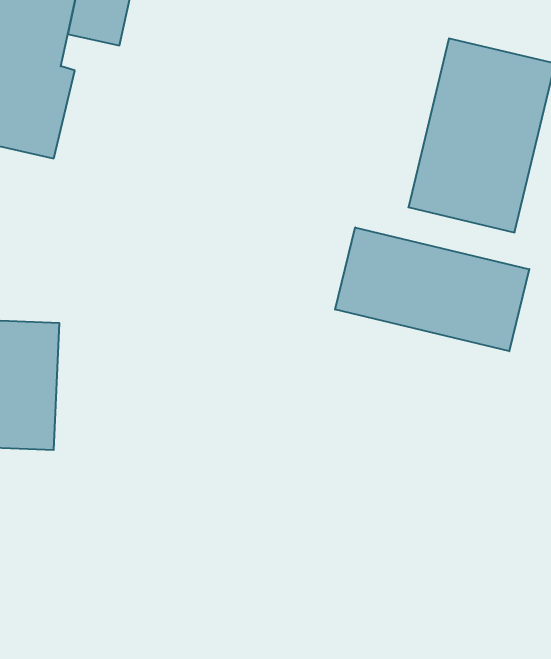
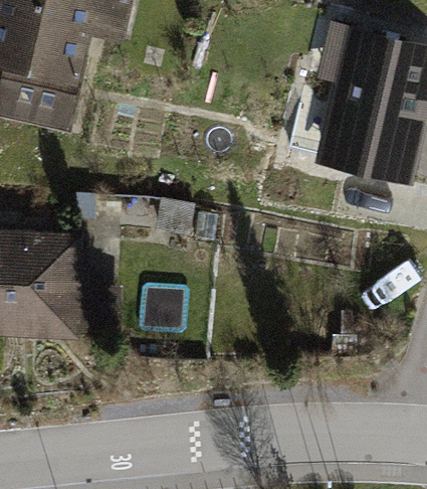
building: [335,227,529,351] -> none

